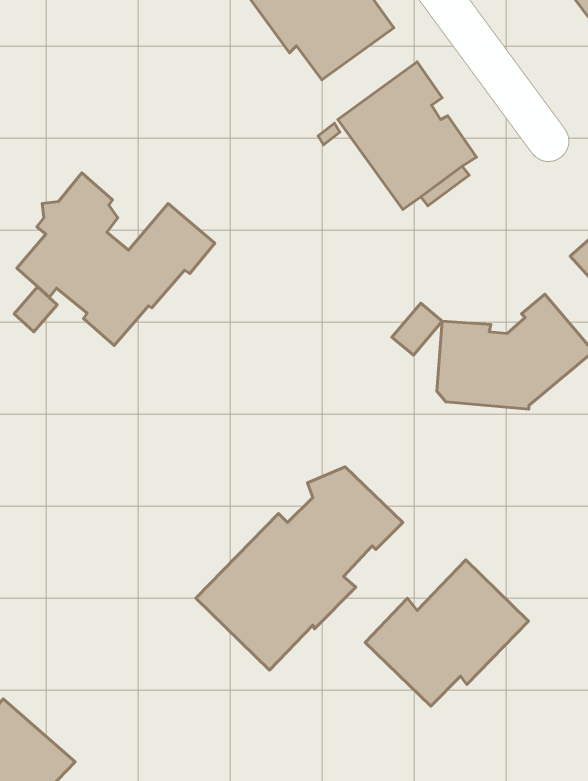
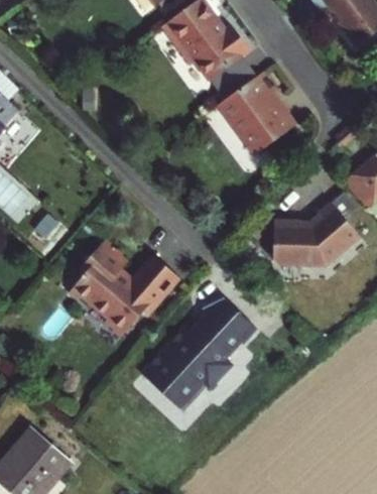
building: [17,173,215,346] -> [69,241,179,338]
building: [365,560,528,706] -> none

